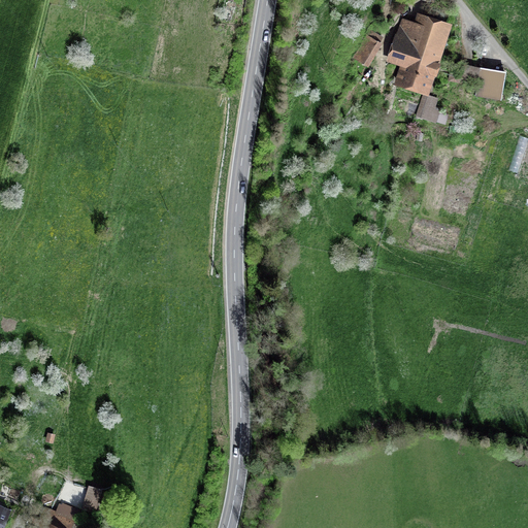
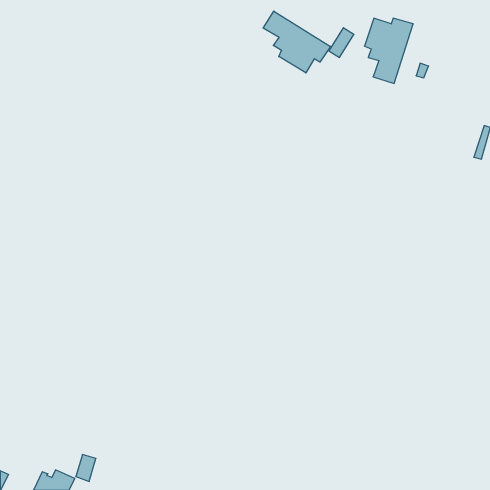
building: none -> [263,11,331,73]
building: [475,70,505,100] -> none
building: [417,94,439,121] -> none

